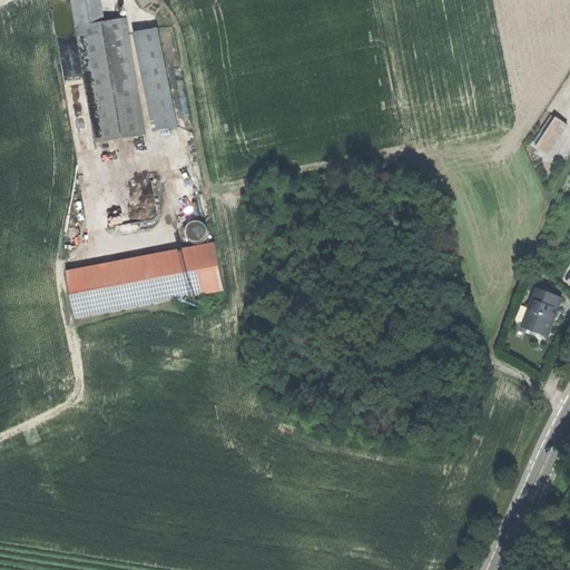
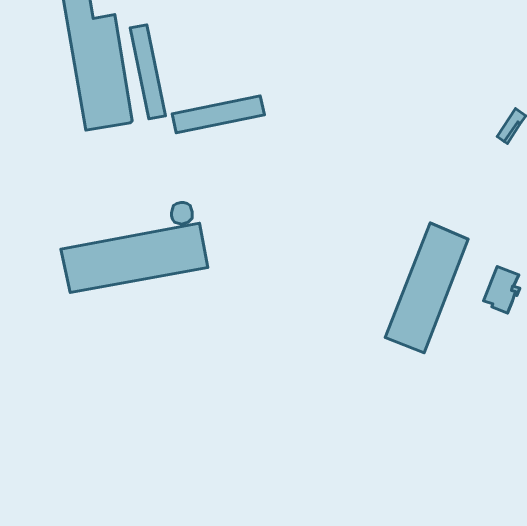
building: none -> [172,96,264,133]
building: none -> [385,223,468,353]

